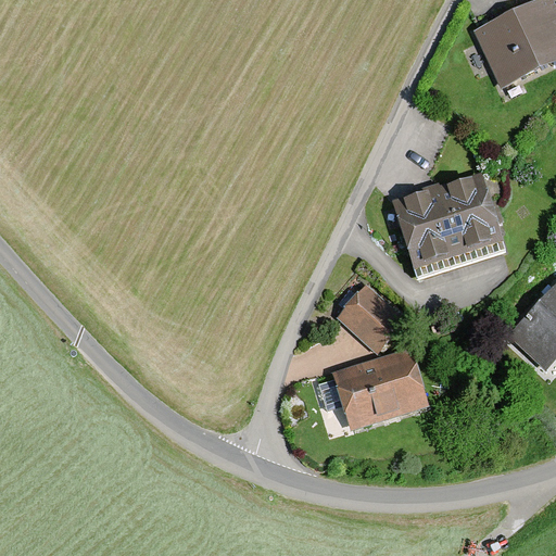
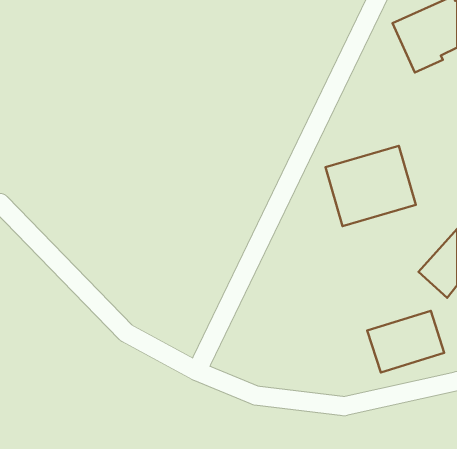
building: [340,289,395,344] -> none
building: [331,350,425,425] -> [367,311,444,372]

